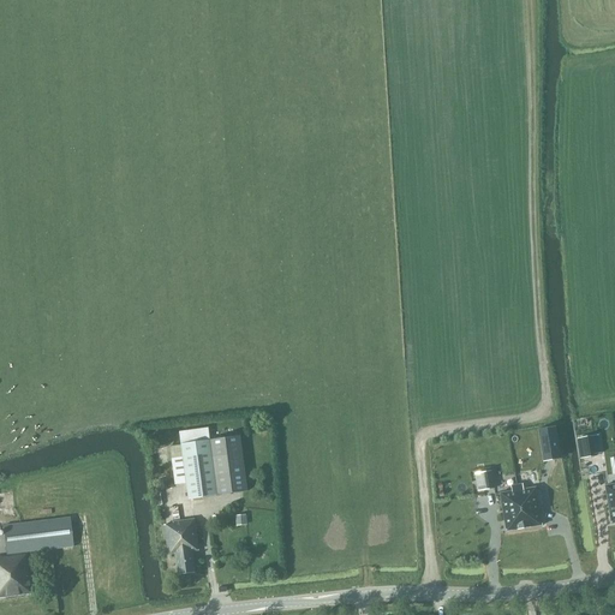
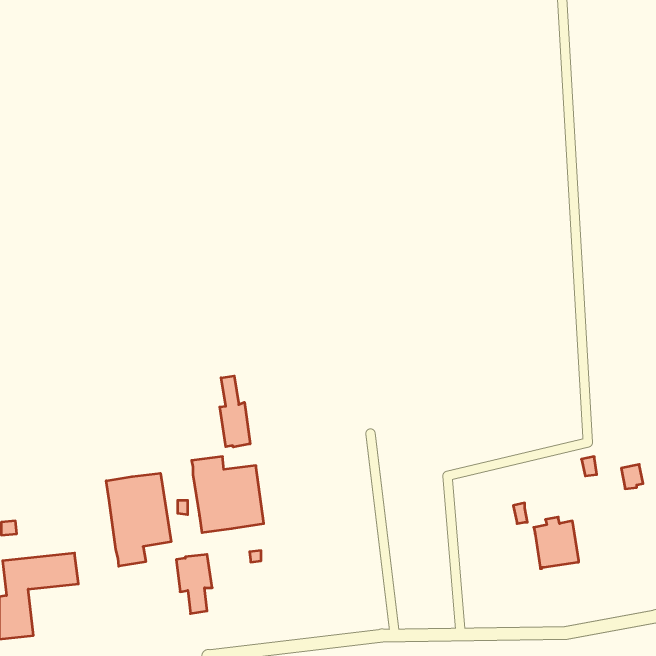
building: none -> [220,376,250,447]
building: none -> [106,473,171,566]

